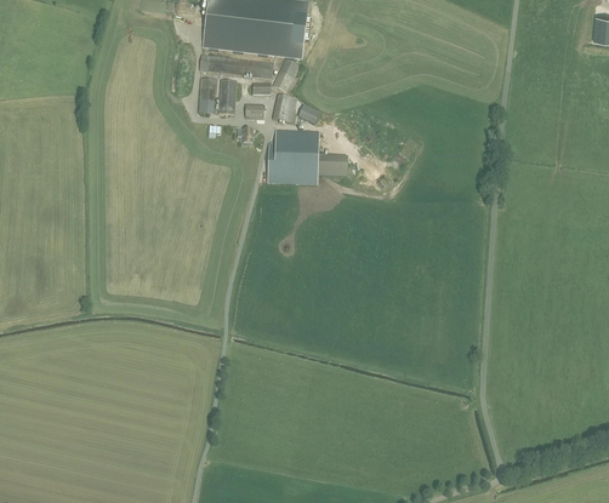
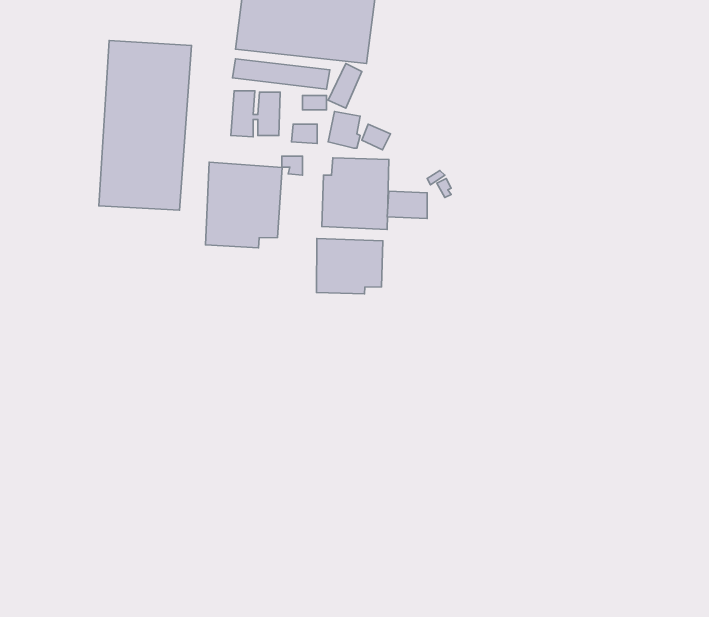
building: none -> [99,41,192,210]
building: none -> [205,162,282,248]
building: none -> [317,239,383,294]

